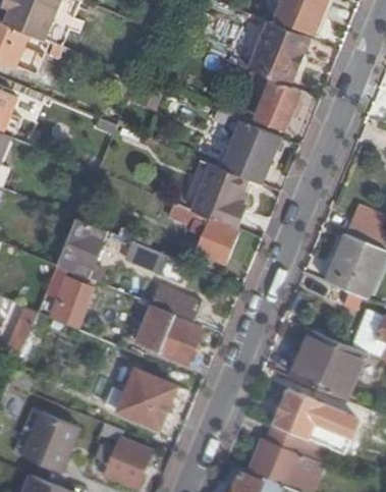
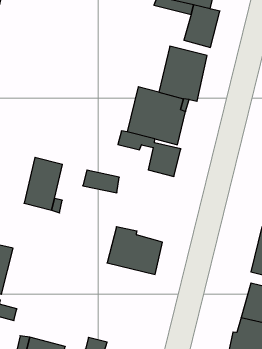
building: [49,279,89,324] -> none
building: [148,284,200,322] -> none
building: [116,371,175,428] -> none

